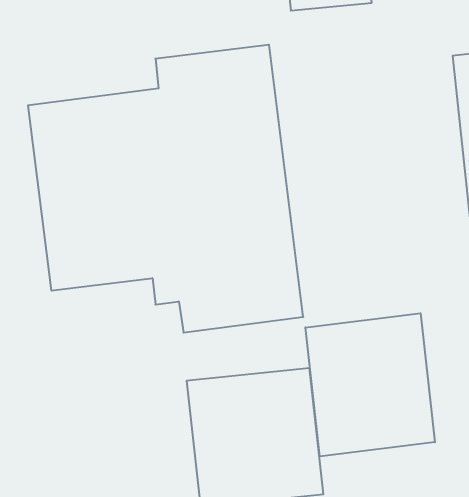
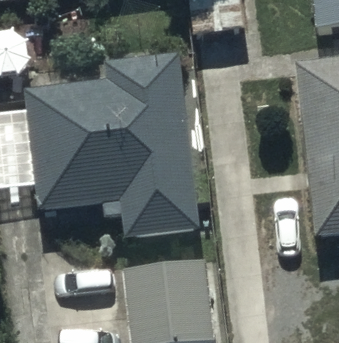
building: [305,313,435,456] -> none

